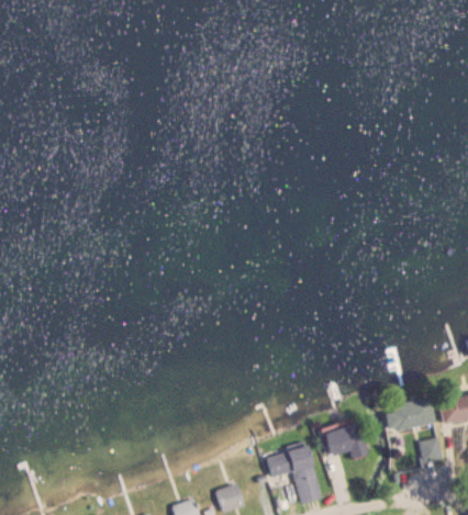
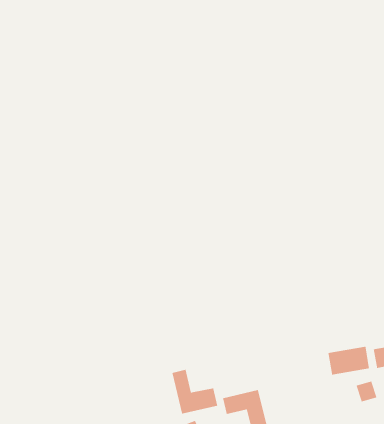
building: none -> [172,369,218,414]
building: [323,425,366,460] -> none

